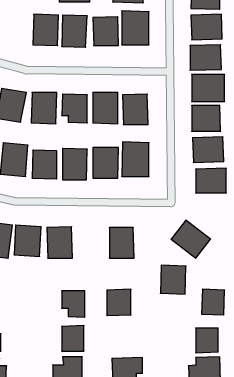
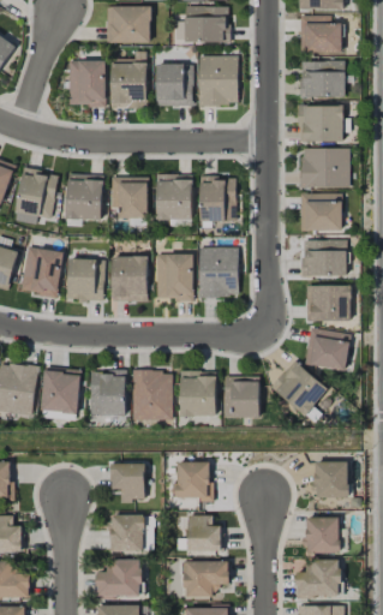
building: none -> [305,329,349,370]
building: none -> [131,370,172,420]
building: [160,265,186,294] -> [223,376,261,418]
building: none -> [187,515,221,551]

